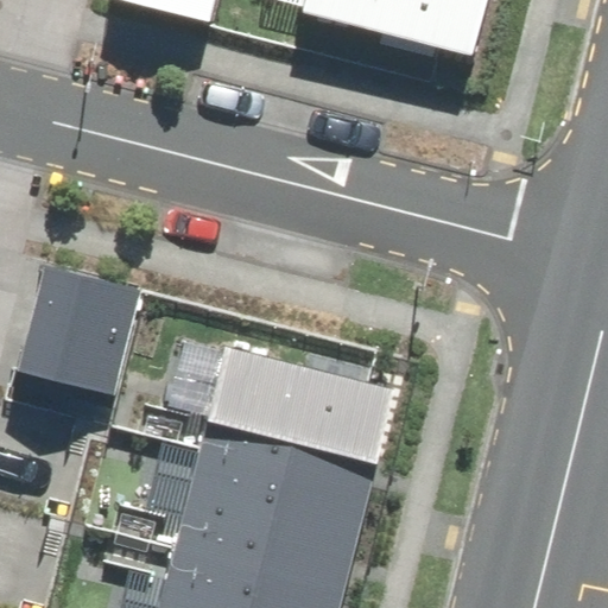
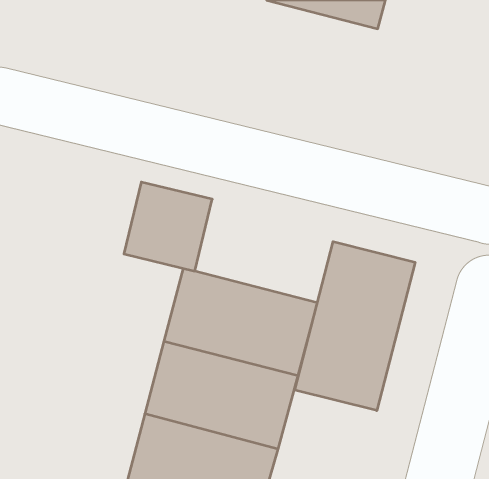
building: [21,278,131,388] -> [124,182,212,271]
building: none -> [295,242,415,411]

